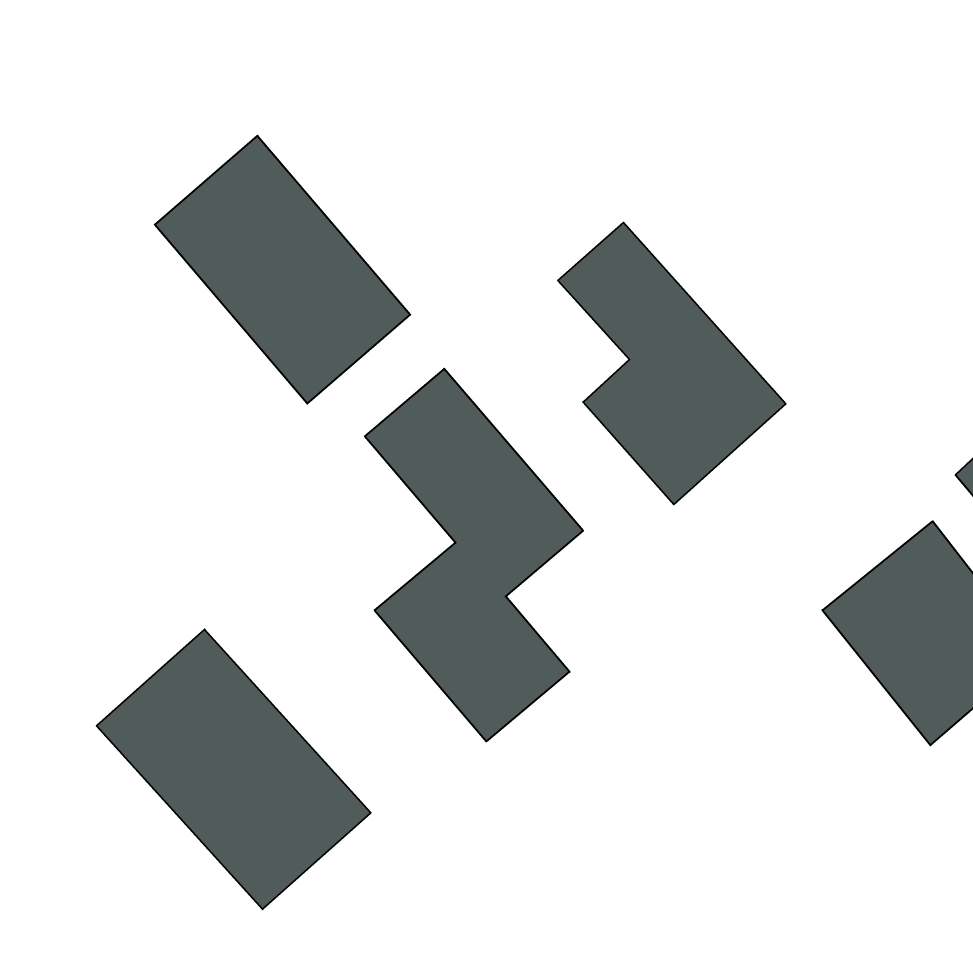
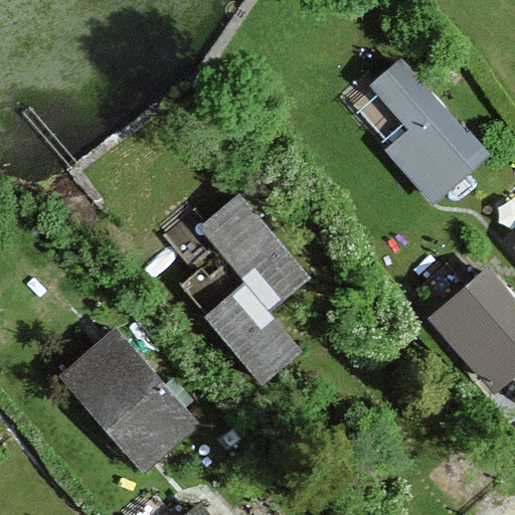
building: [155,136,410,404] -> none
building: [558,223,786,504] -> [368,56,487,203]

